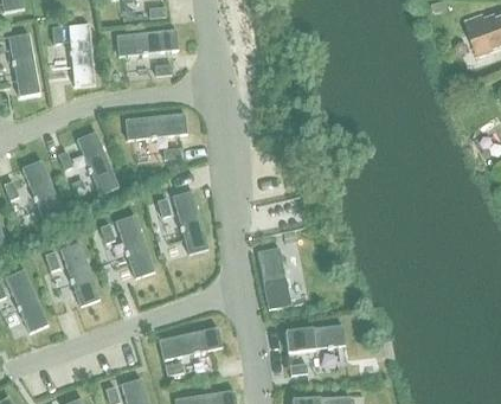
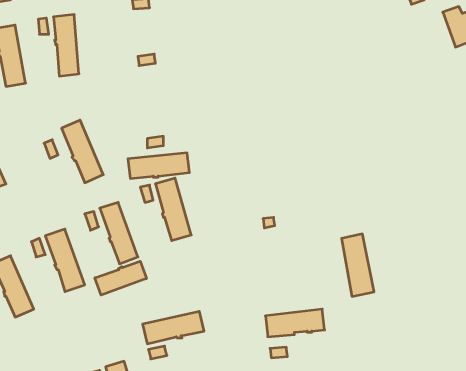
building: [116,28,178,56] -> none
building: [124,113,187,139] -> [128,153,189,178]
building: [21,159,64,223] -> none
building: [257,246,290,310] -> [342,234,374,296]
building: none -> [95,261,146,295]

